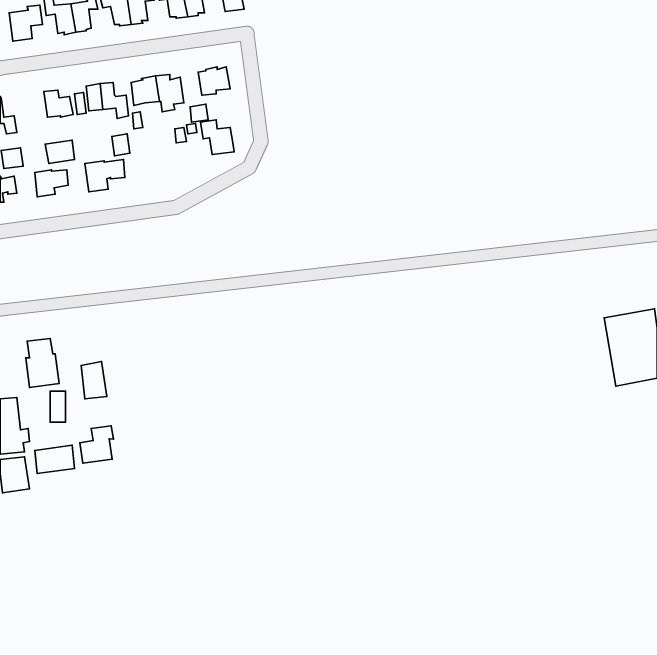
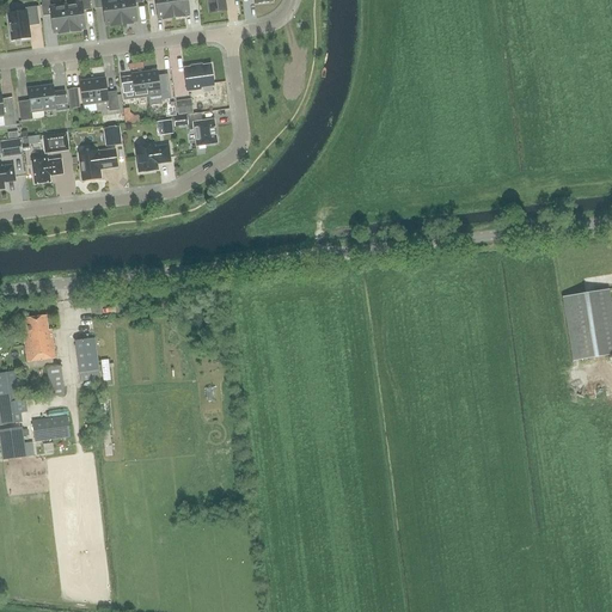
building: none -> [19,85,44,120]
building: none -> [136,143,170,171]
building: [80,426,113,463] -> none

